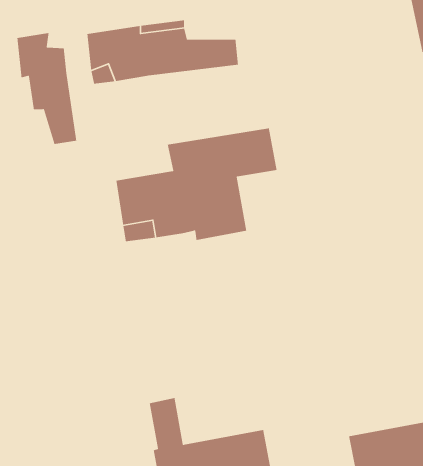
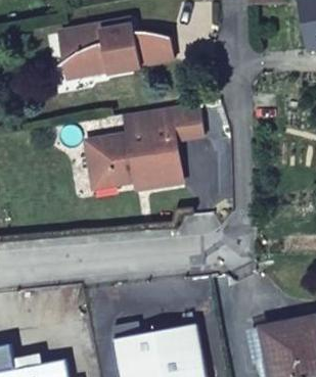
building: [16,32,77,145] -> none

